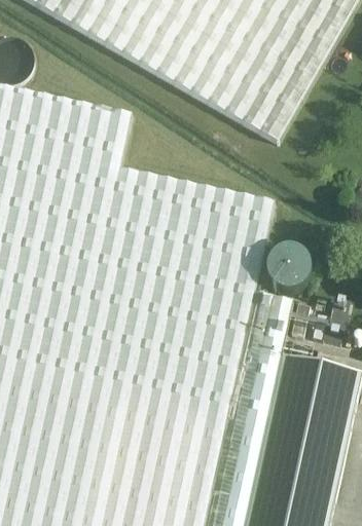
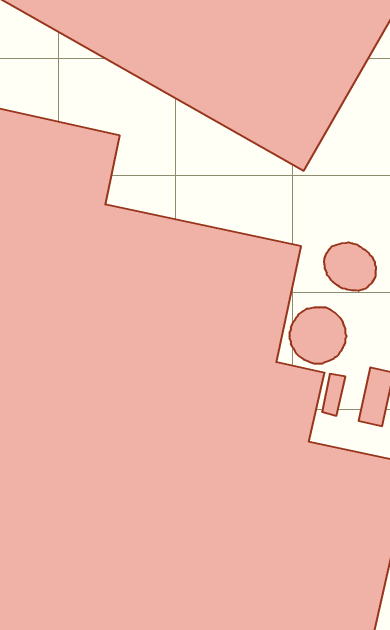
building: none -> [324,242,376,291]

